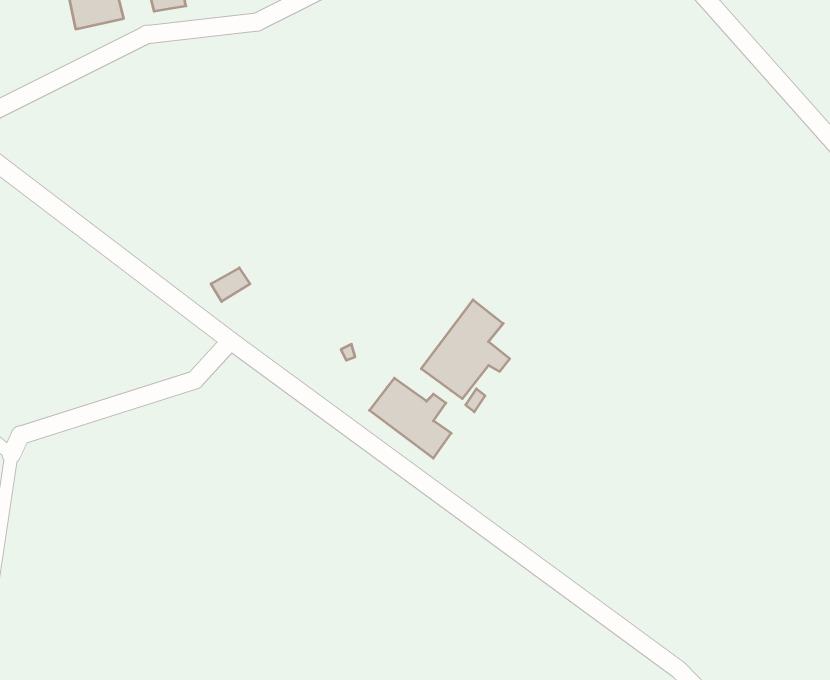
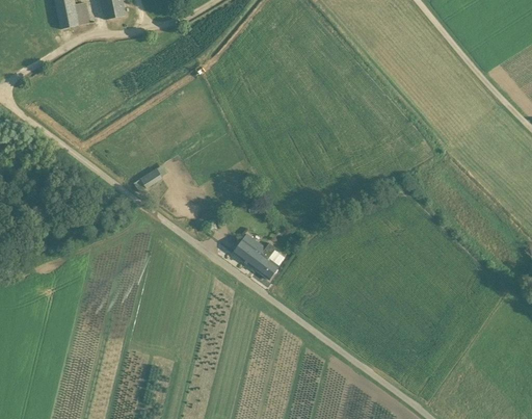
building: [421,300,510,399] -> none

